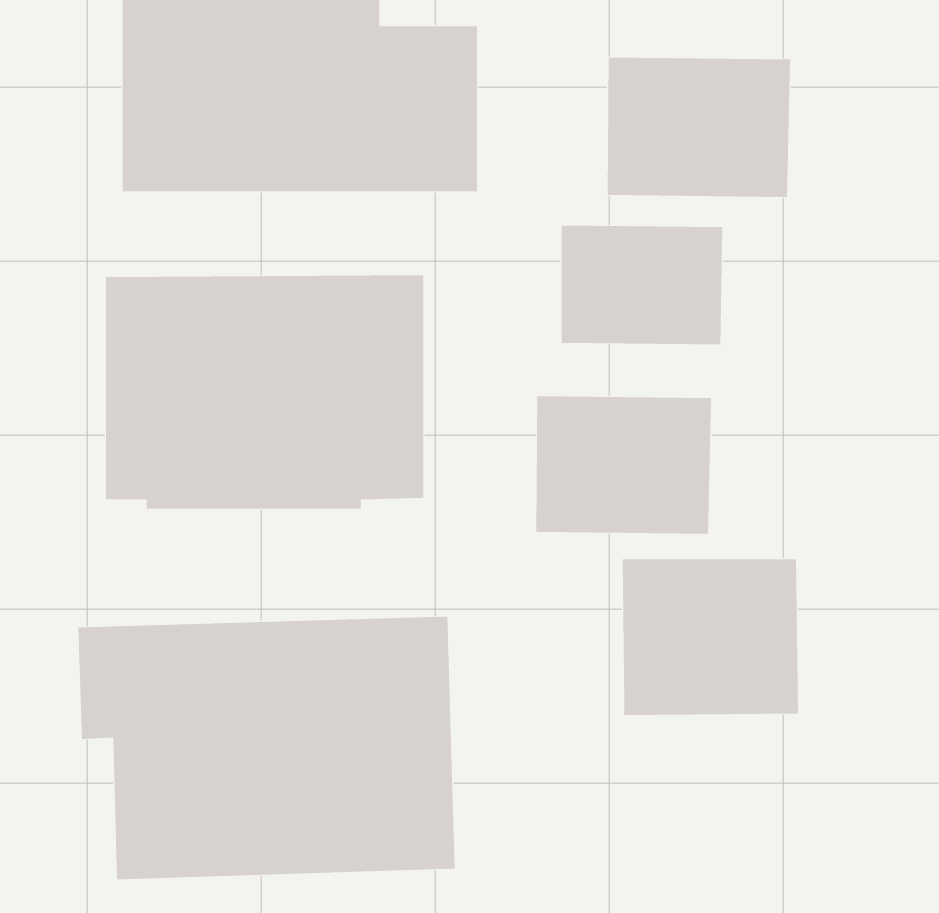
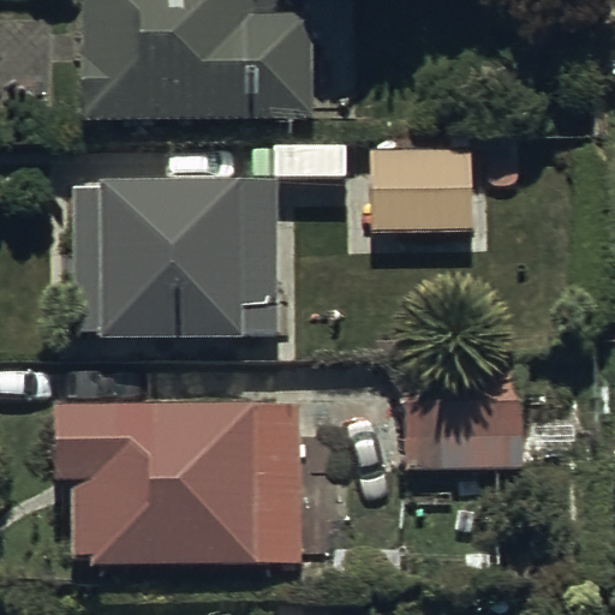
building: [607,57,790,198] -> none
building: [536,395,711,534] -> none

